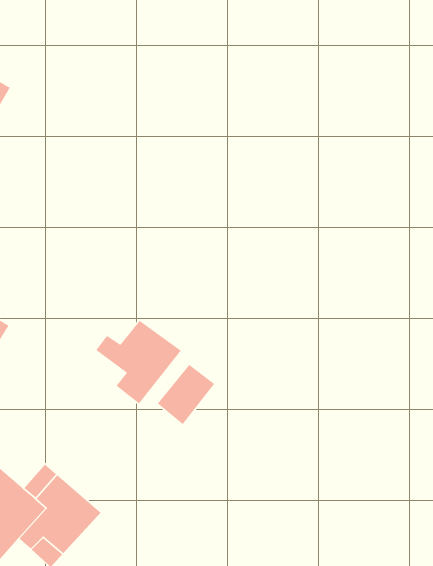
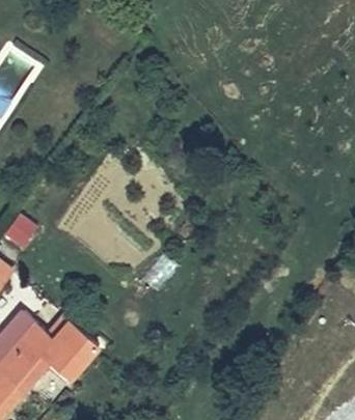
building: [95,320,182,404] -> none

